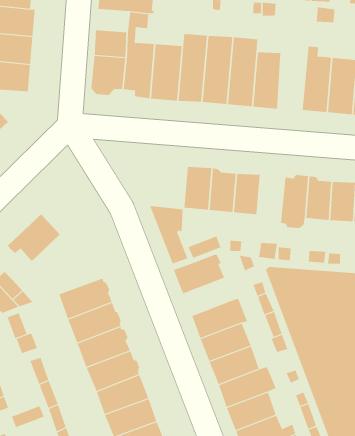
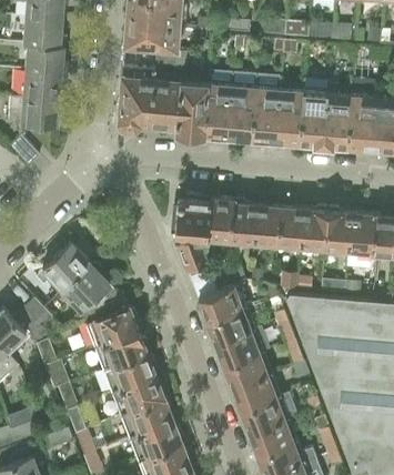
building: none -> [299,78,327,144]
building: none -> [173,196,211,240]
building: none -> [279,206,305,255]
building: none -> [61,263,125,323]
building: none -> [206,306,259,343]

